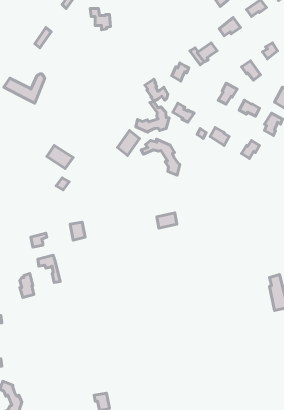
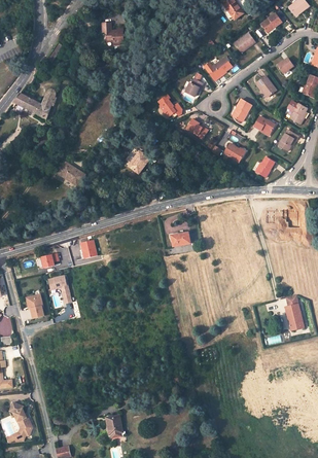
building: [136,101,169,132] -> none
building: [141,139,180,175] -> none

